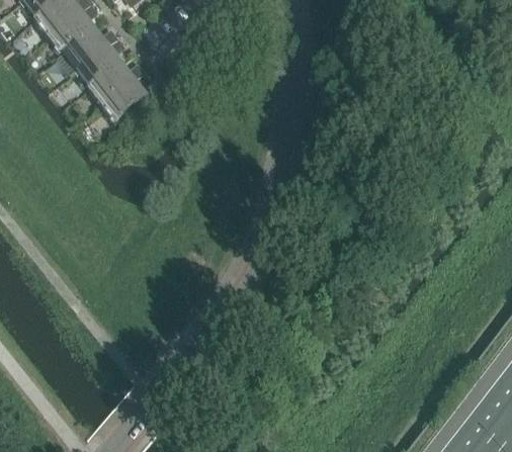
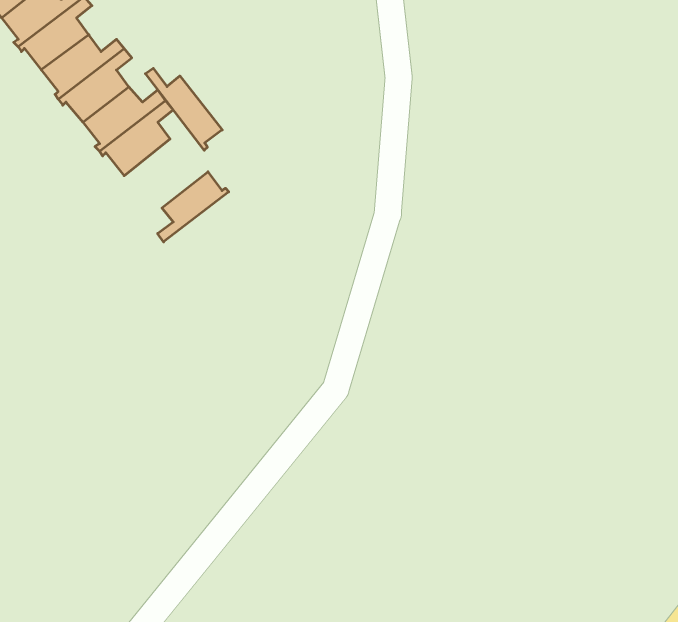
building: none -> [145,68,222,150]
building: none -> [158,172,229,242]

